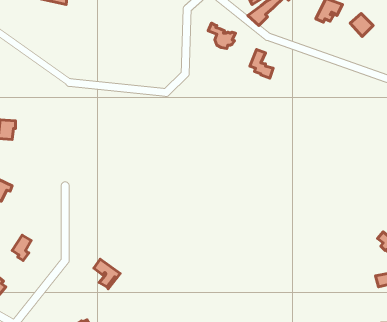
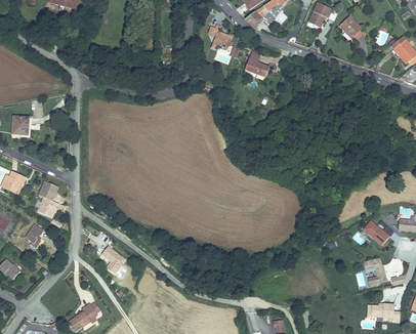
building: none -> [37,180,58,216]

